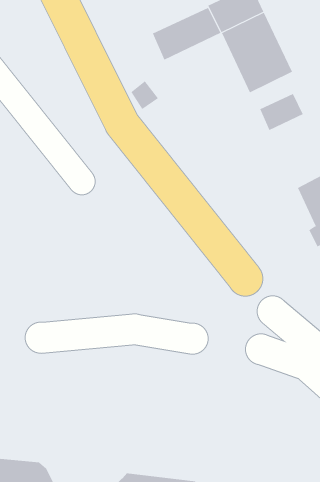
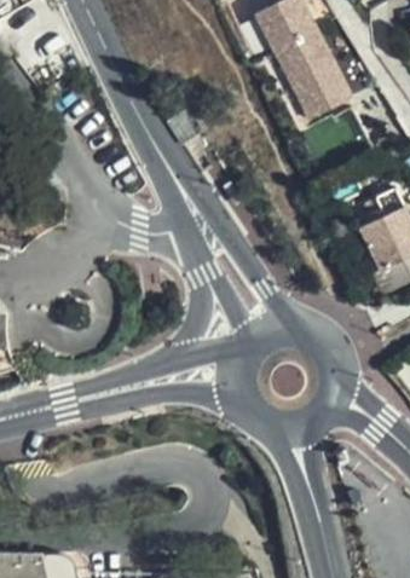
building: [152,7,221,60] -> none
building: [259,93,304,131] -> none

